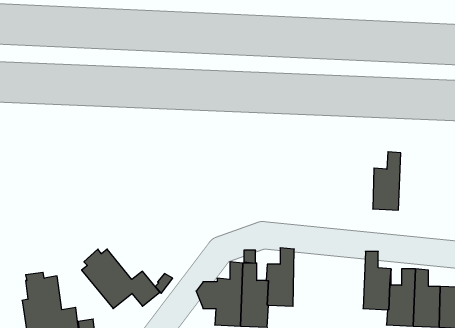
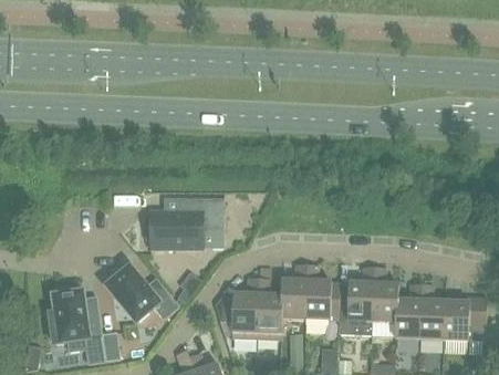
building: [373,152,401,210] -> [347,267,374,322]
building: none -> [145,199,223,250]
building: none -> [305,265,340,321]

